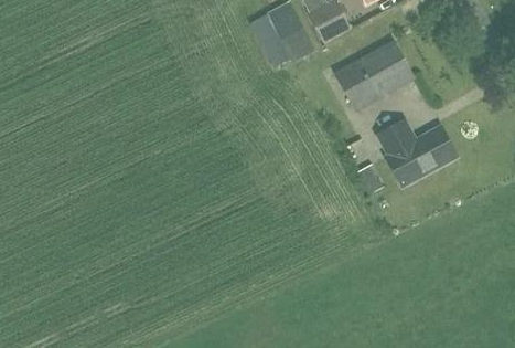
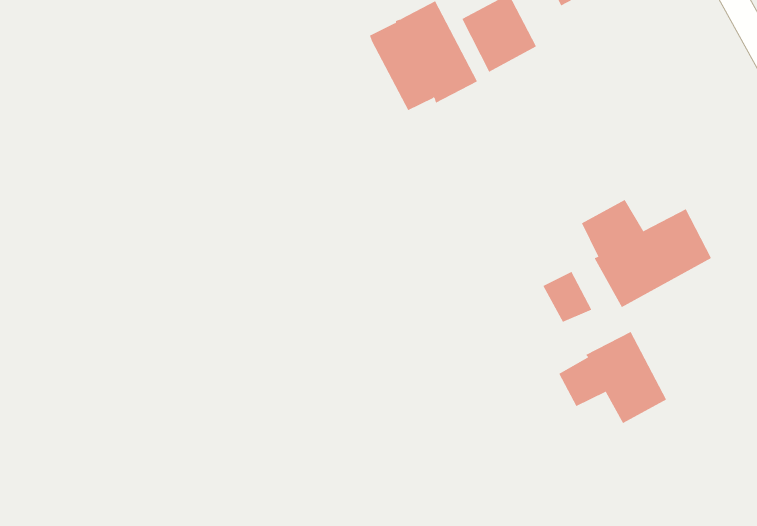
building: [334,41,414,109] -> none
building: none -> [558,331,667,424]

